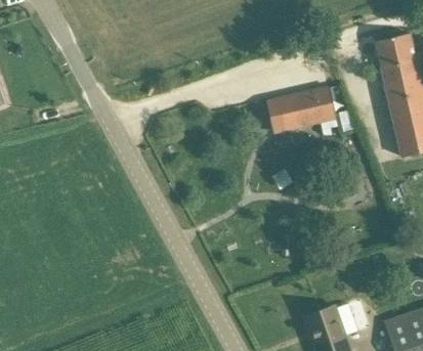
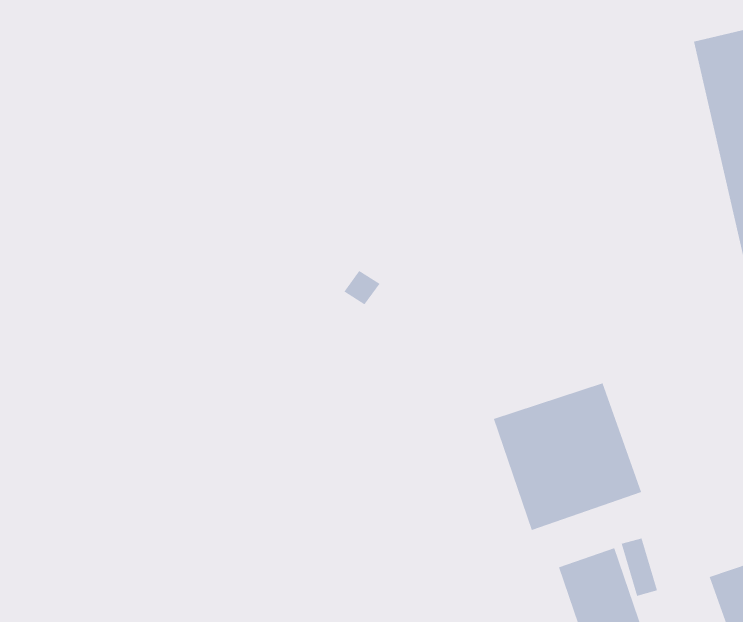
building: [270,85,339,130] -> none
building: none -> [493,383,642,531]

